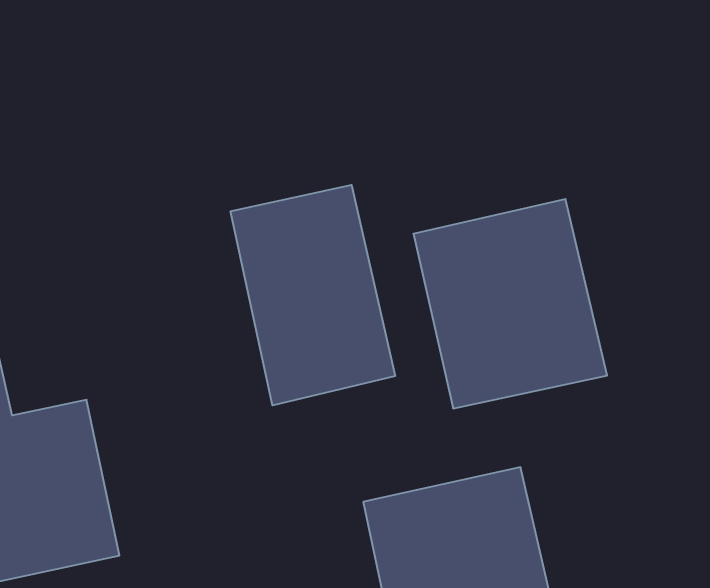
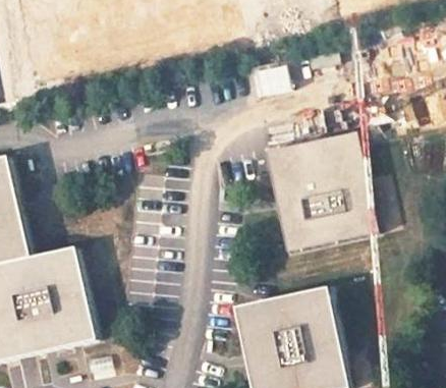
building: [231,185,395,405] -> none

